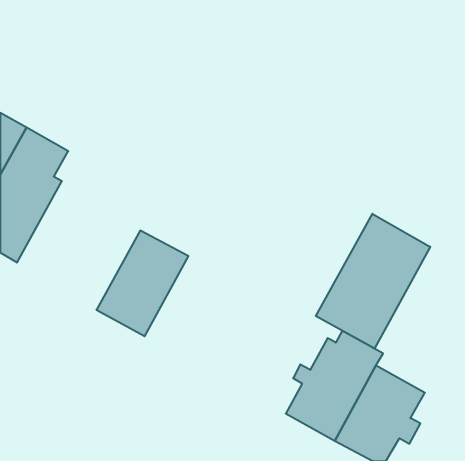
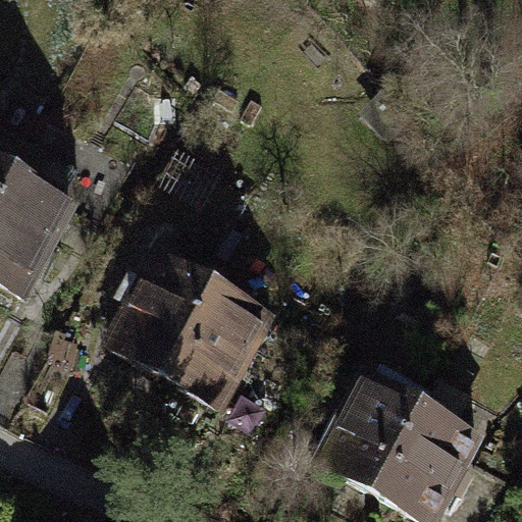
building: [316,214,430,349] -> none
building: none -> [162,286,265,405]

